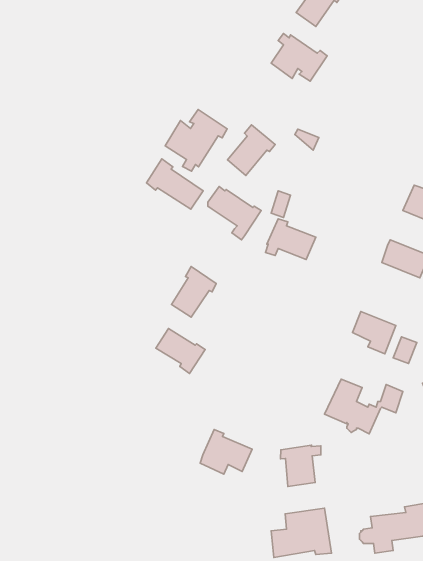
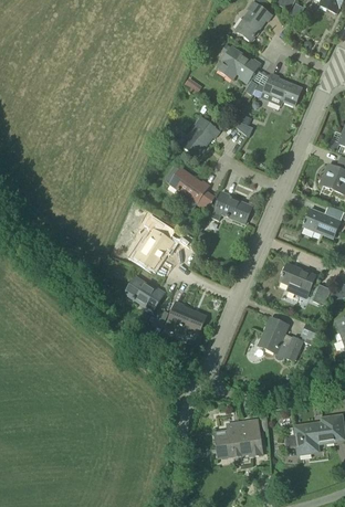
building: none -> [261,73,302,106]
building: [165,110,227,171] -> none
building: [146,159,203,209] -> none
building: [200,429,252,474] -> [165,300,206,336]
building: [281,445,321,486] -> none

